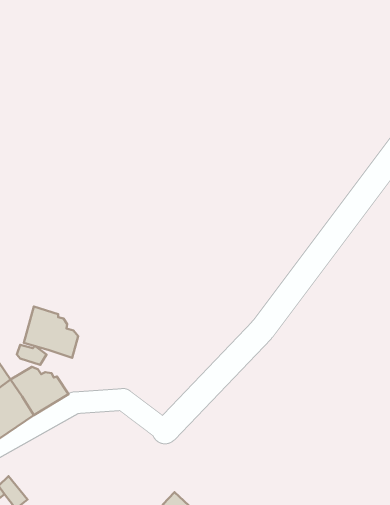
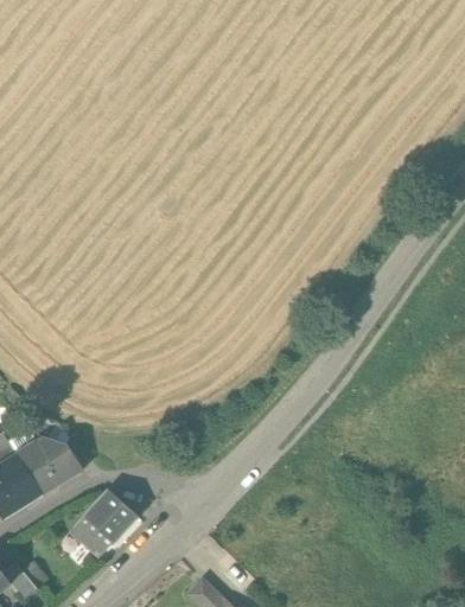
building: [24,307,78,358] -> none
building: none -> [70,491,136,557]

